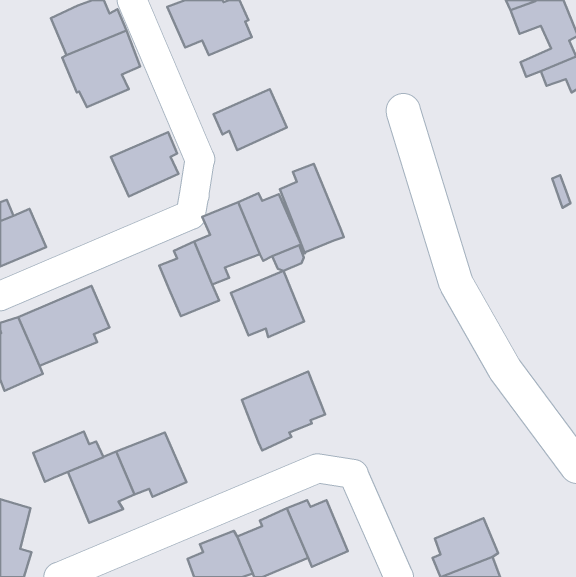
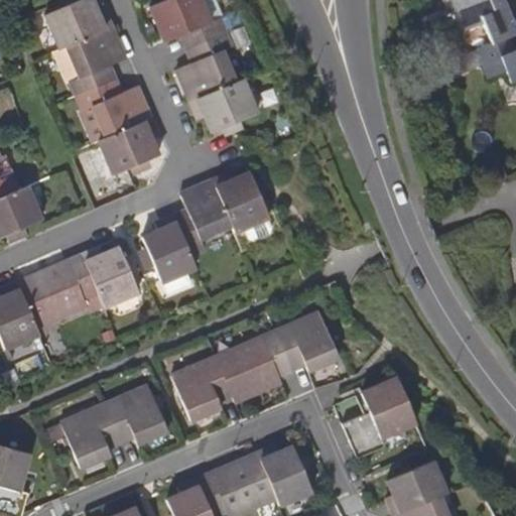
building: none -> [177,33,235,102]
building: none -> [79,80,151,143]
building: [280,164,344,253] -> none
building: [231,271,304,337] -> none
building: none -> [83,247,139,306]
building: none -> [276,313,338,370]
building: none -> [172,357,232,419]
building: none -> [343,379,416,458]
building: [33,432,104,482] -> none

